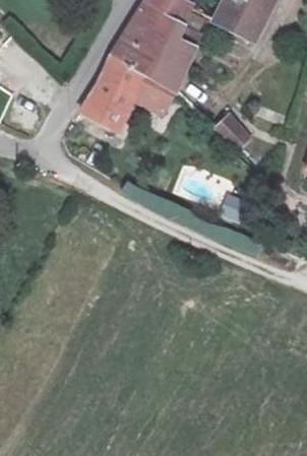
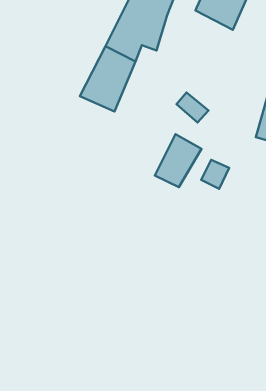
building: [151,27,202,95] -> none
building: none -> [155,134,202,187]

